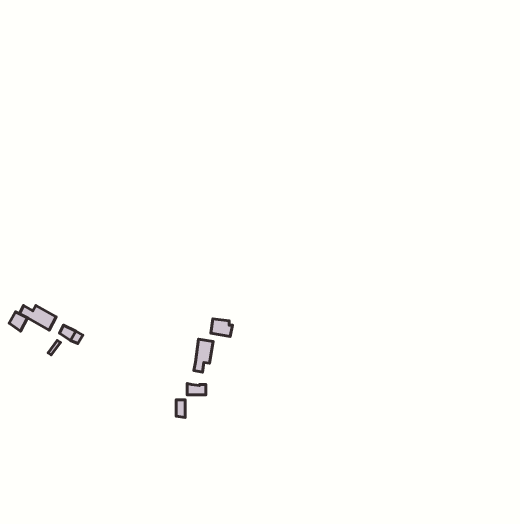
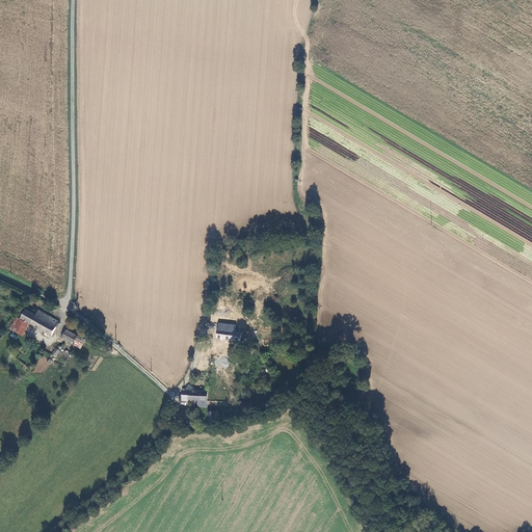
building: [194,339,213,372] -> none

